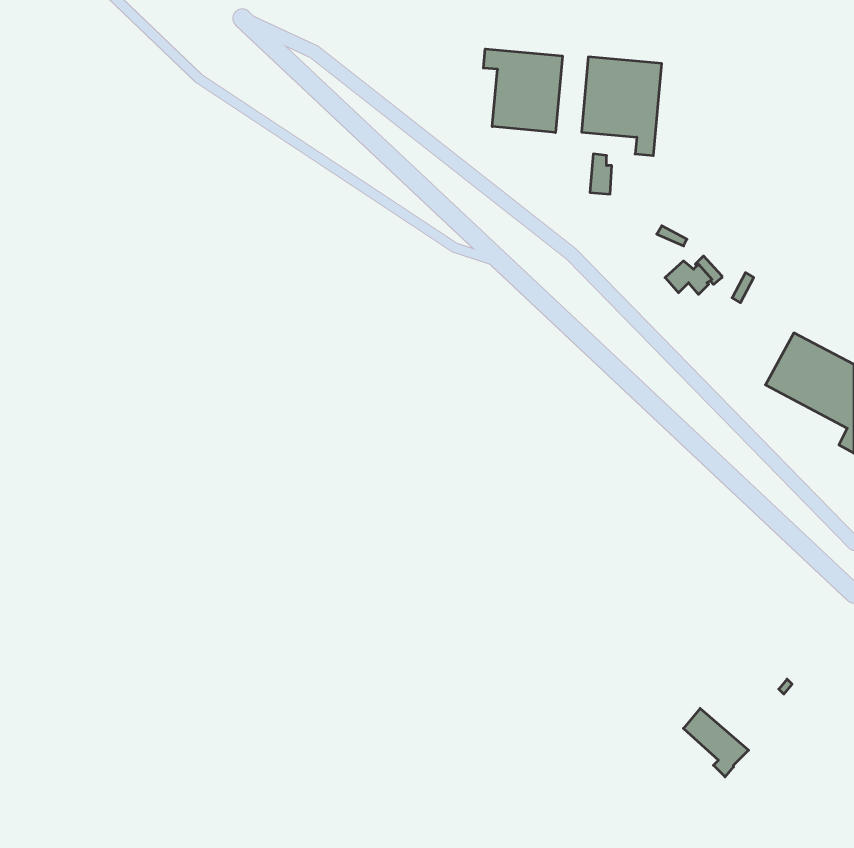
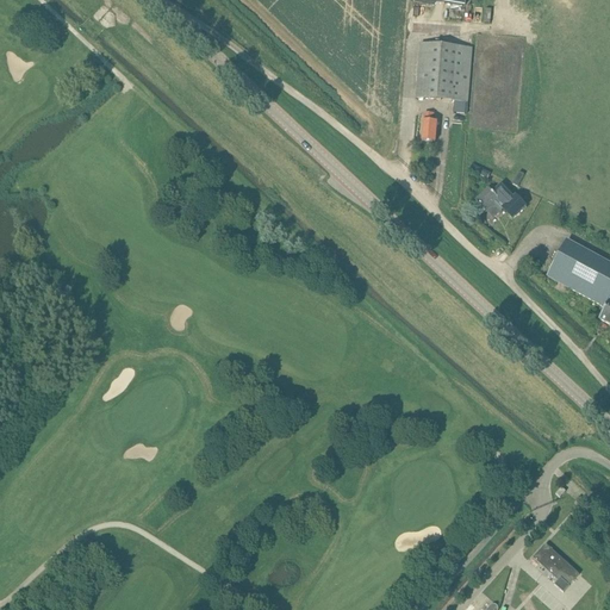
building: [483,49,562,133] -> none
building: [683,708,749,777] -> [533,541,579,590]

